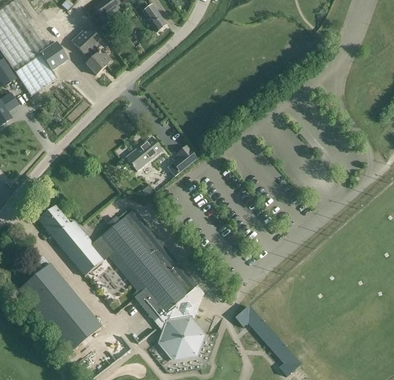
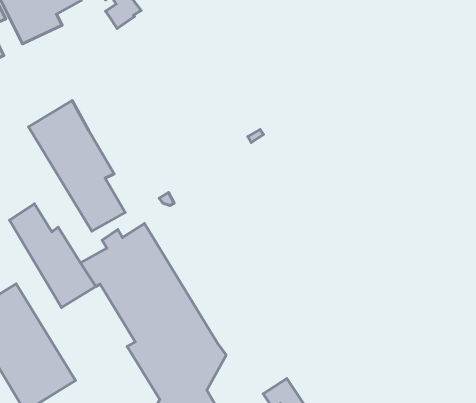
building: none -> [28,101,125,231]
building: [125,136,161,170] -> none
building: [170,144,196,172] -> none

